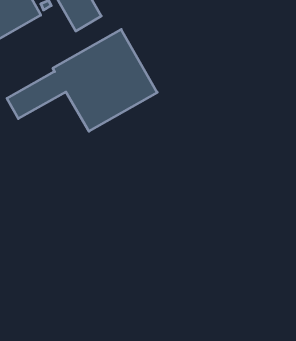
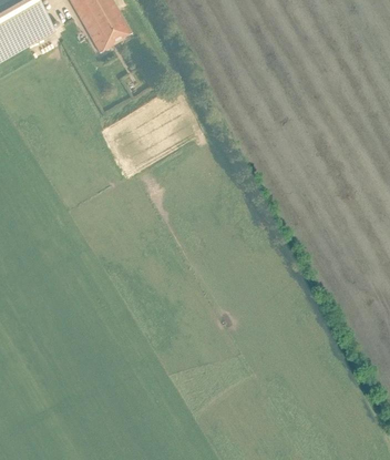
building: [7,29,157,131] -> none

